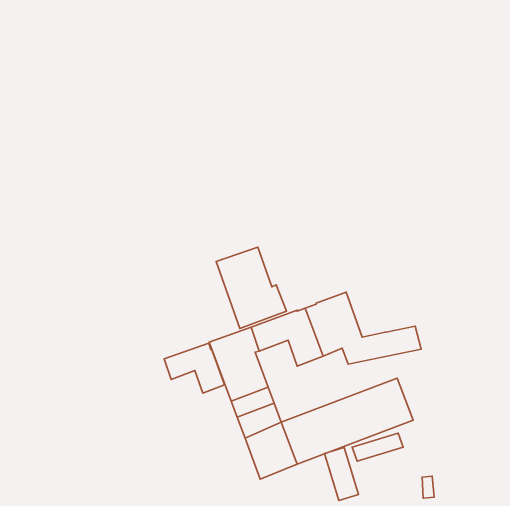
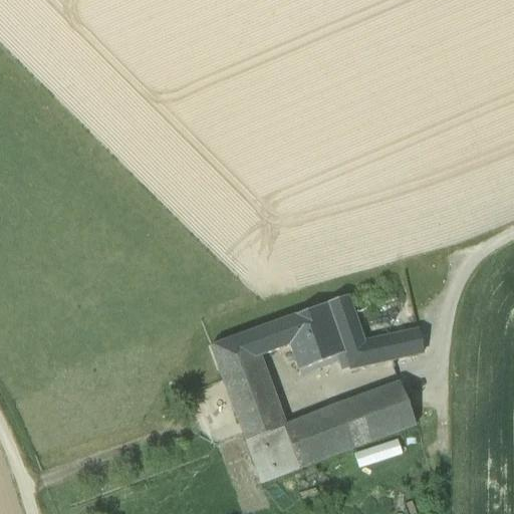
building: [216,247,286,328] -> none
building: [164,343,224,393] -> none
building: [325,447,359,501] -> none

